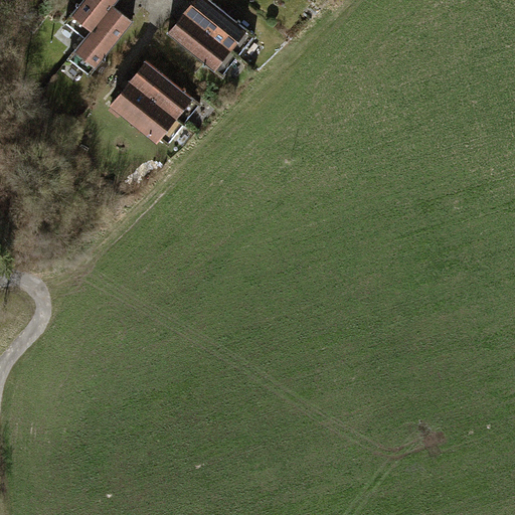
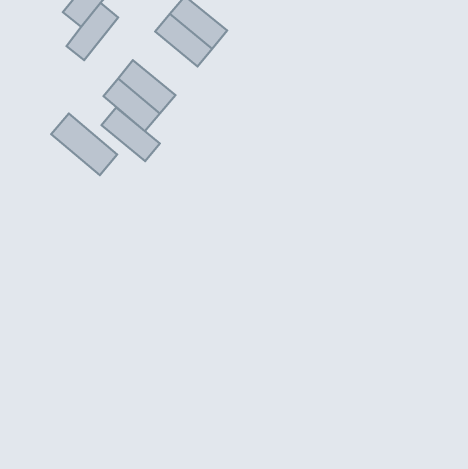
building: none -> [102,107,160,161]
building: none -> [51,113,117,175]

